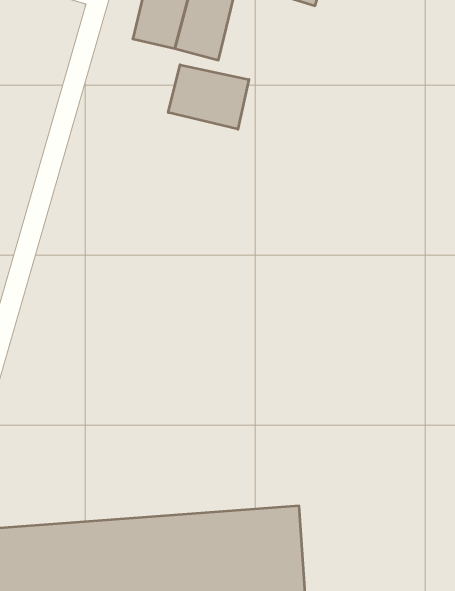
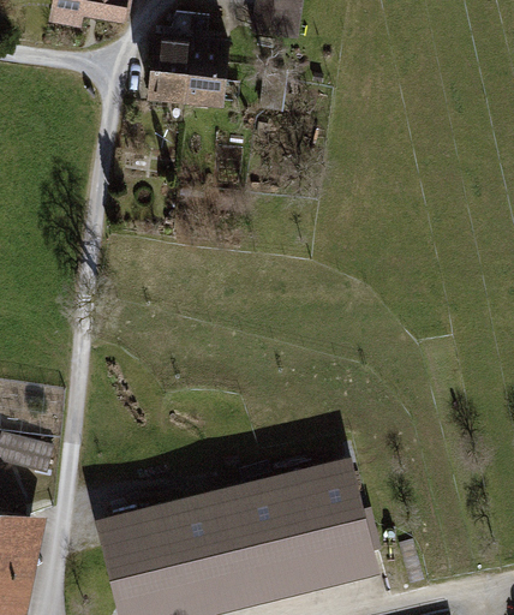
building: [168,65,249,129] -> none

